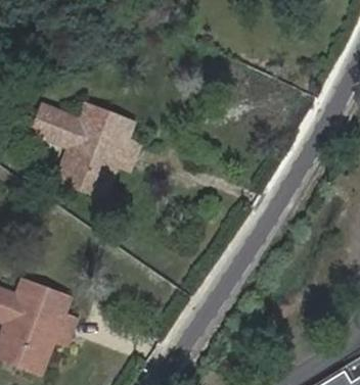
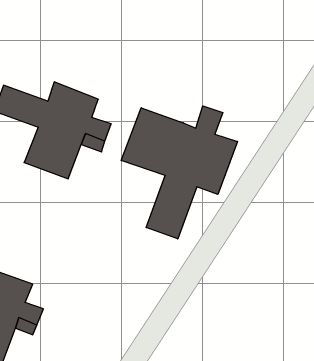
building: none -> [121,106,238,239]

